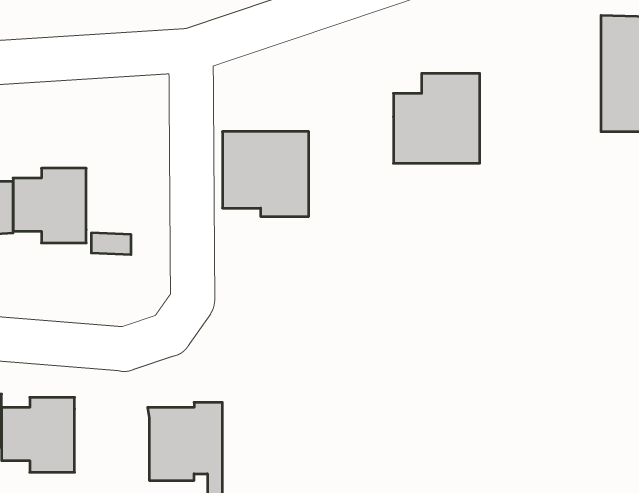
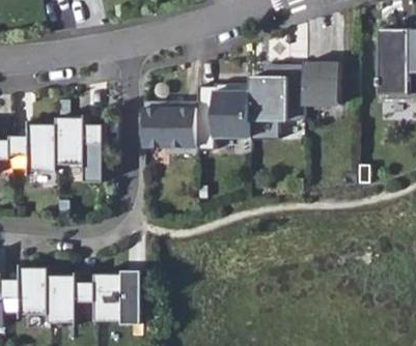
building: none -> [304,63,340,105]
building: none -> [197,85,250,151]
building: none -> [58,117,105,163]
building: none -> [51,273,98,320]

